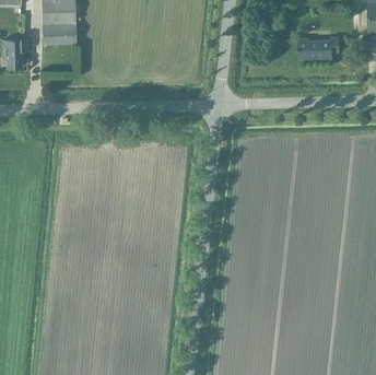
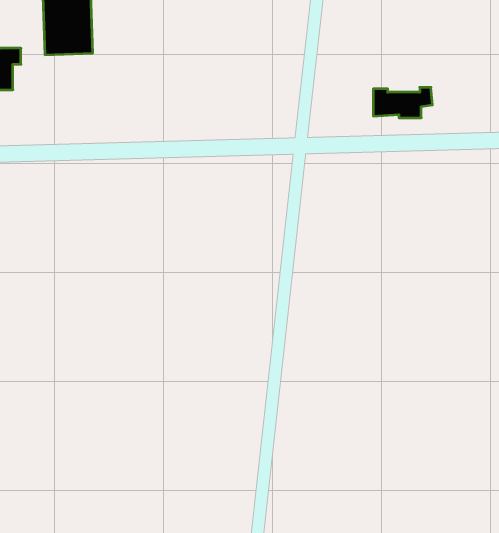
building: [297,39,338,60] -> [373,87,432,118]

